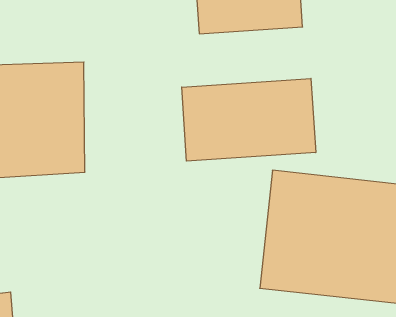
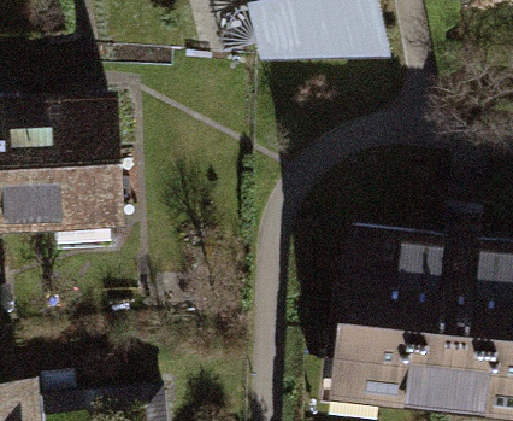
building: [182,78,316,161] -> none

